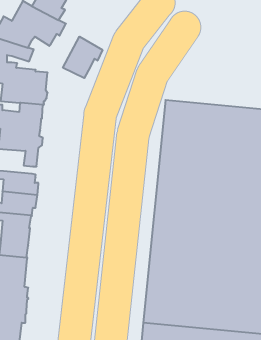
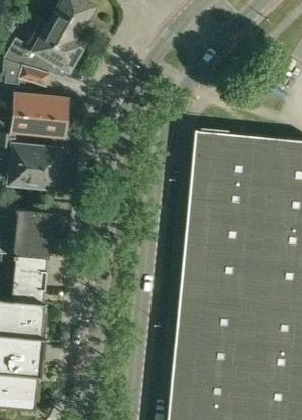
building: [63,37,102,78] -> none

